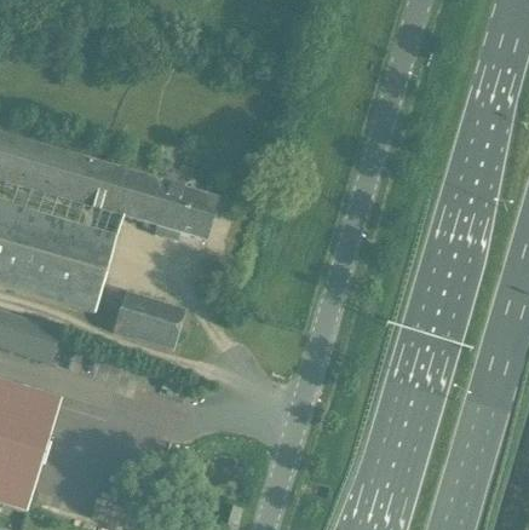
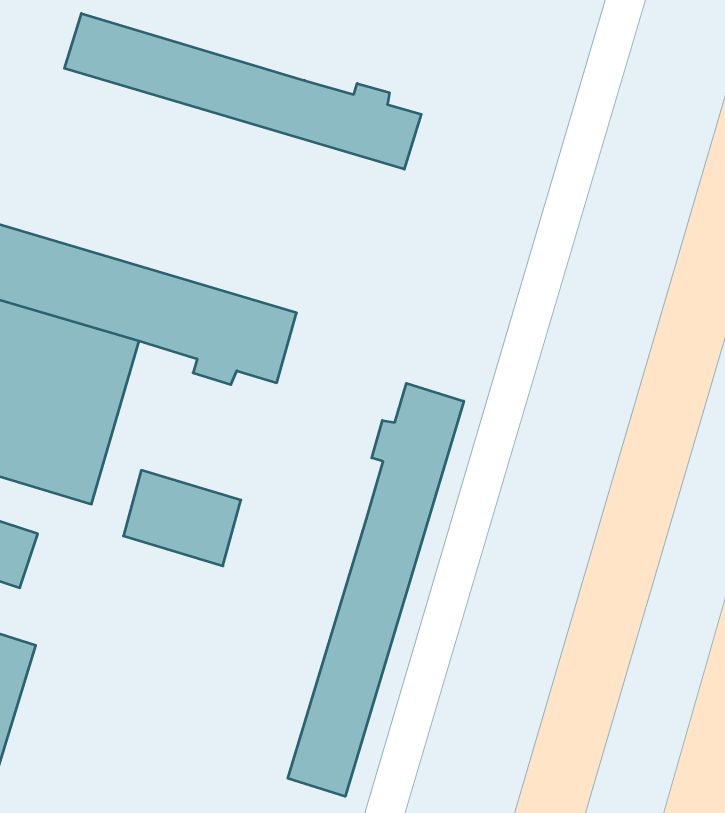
building: none -> [64,13,421,169]
building: none -> [288,383,464,796]

